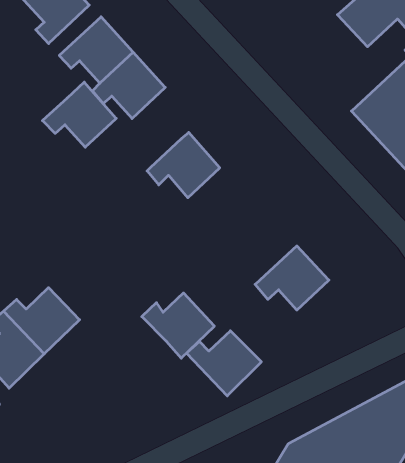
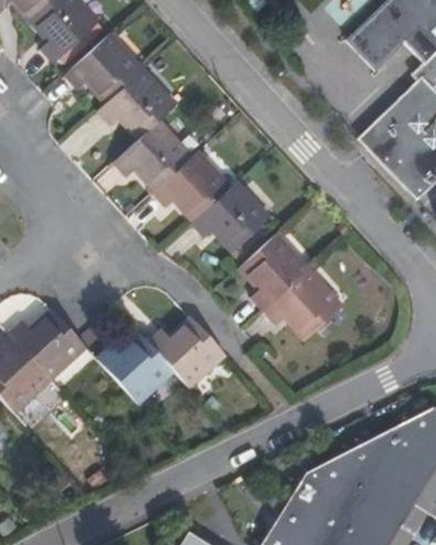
building: [42,82,116,147] -> [115,125,190,192]
building: none -> [193,185,268,251]
building: none -> [243,235,308,311]
building: [187,331,261,396] -> [98,337,175,404]

